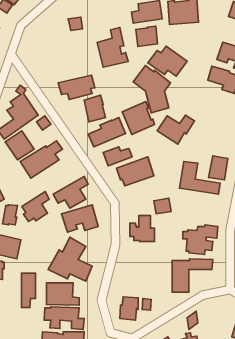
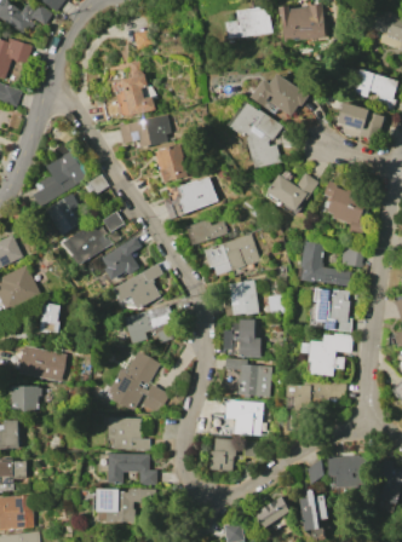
building: [136,26,157,47] -> none
building: [97,27,128,67] -> [111,59,156,117]
building: [122,102,155,134] -> none
building: none -> [323,180,369,232]
building: none -> [223,279,258,317]
building: [22,192,49,222] -> [102,236,142,279]
building: none -> [312,288,352,333]
building: none -> [224,358,271,397]
building: none -> [225,399,263,437]
building: [22,273,36,308] -> none
building: none -> [327,456,369,489]

